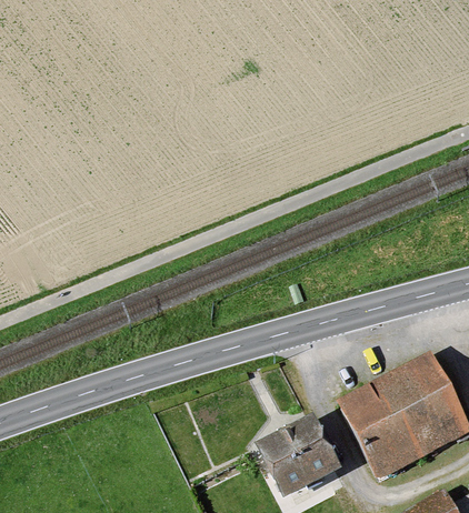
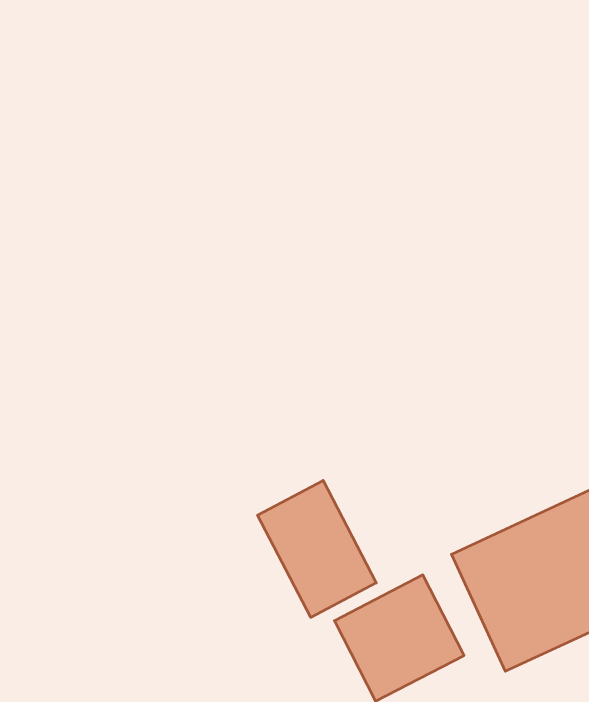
building: none -> [258,480,376,617]

